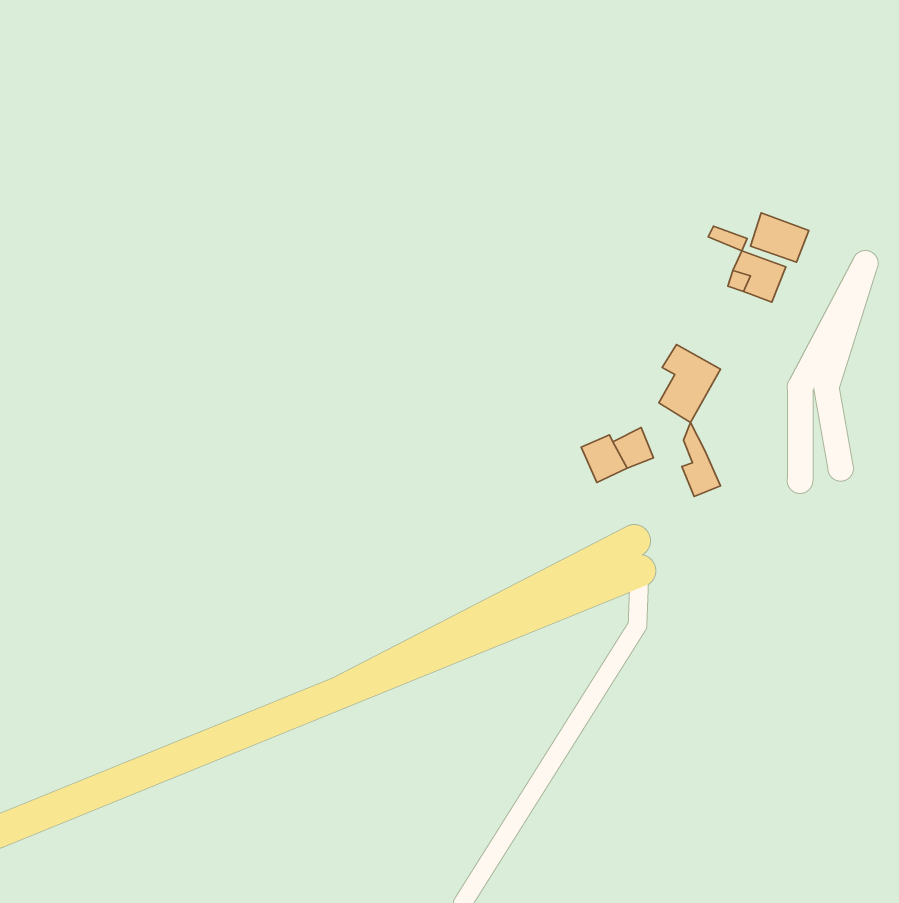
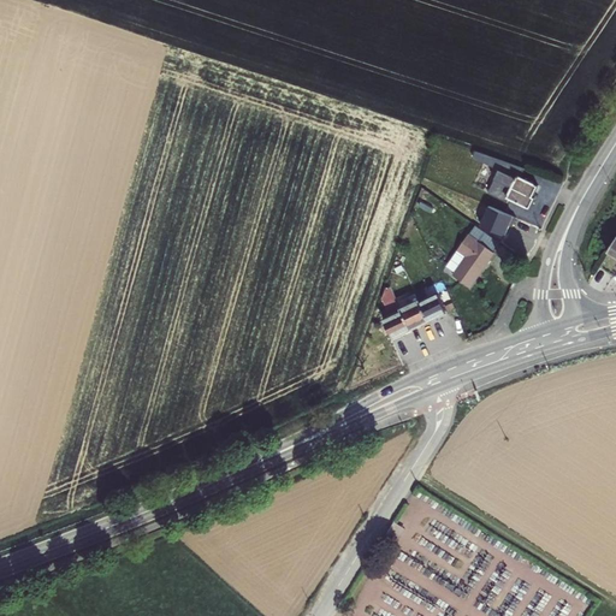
building: [751,213,809,262] -> [474,202,514,236]
building: [682,422,721,497] -> [380,285,407,336]

